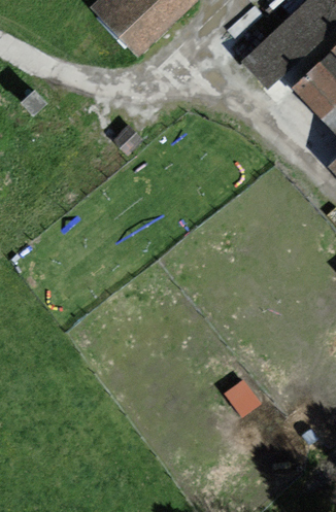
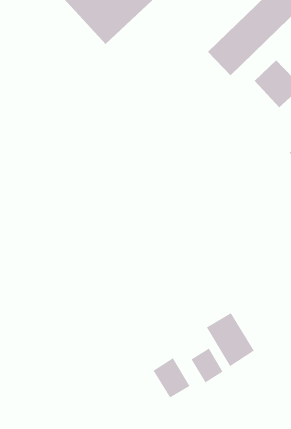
building: none -> [206,312,255,367]
building: none -> [153,357,190,398]

